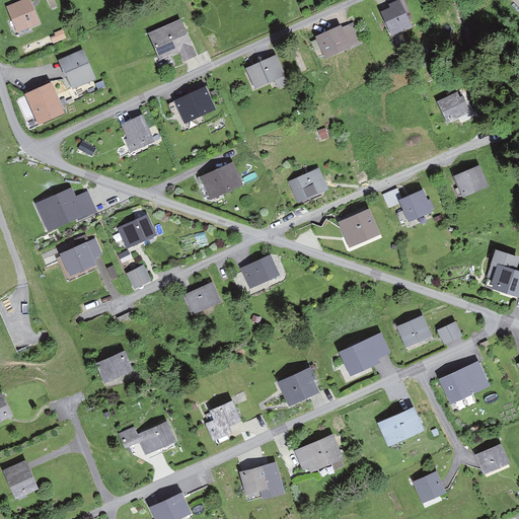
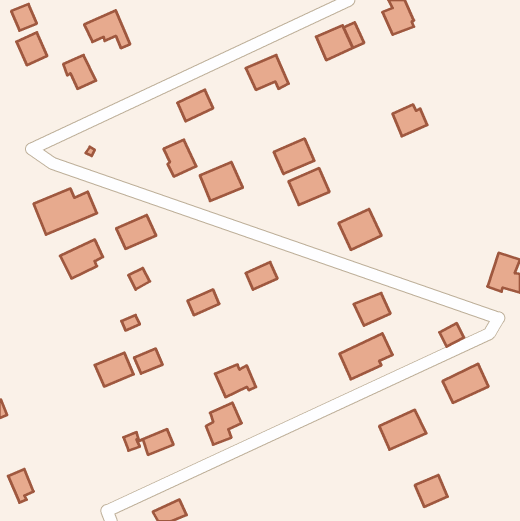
building: [149,24,195,62] -> [84,10,130,48]
building: [29,88,60,121] -> [16,32,47,65]
building: [436,92,470,124] -> [393,105,427,136]
building: [121,116,153,152] -> [164,140,196,176]
building: none -> [274,139,314,174]
building: [453,166,487,198] -> none
building: [395,190,434,224] -> none
building: [395,315,432,348] -> [354,293,390,326]
building: none -> [134,349,162,374]
building: [278,373,318,405] -> [215,365,256,397]
building: [297,437,340,466] -> none
building: [474,445,508,473] -> none
building: [242,464,282,495] -> none

